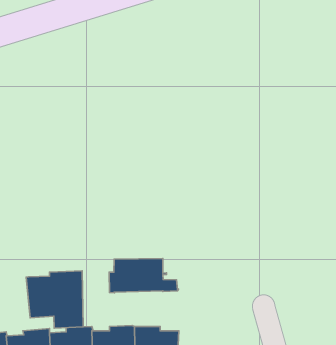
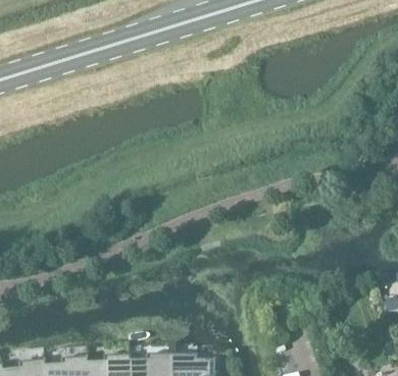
building: [109,259,179,293] -> none
building: [26,271,83,328] -> none

